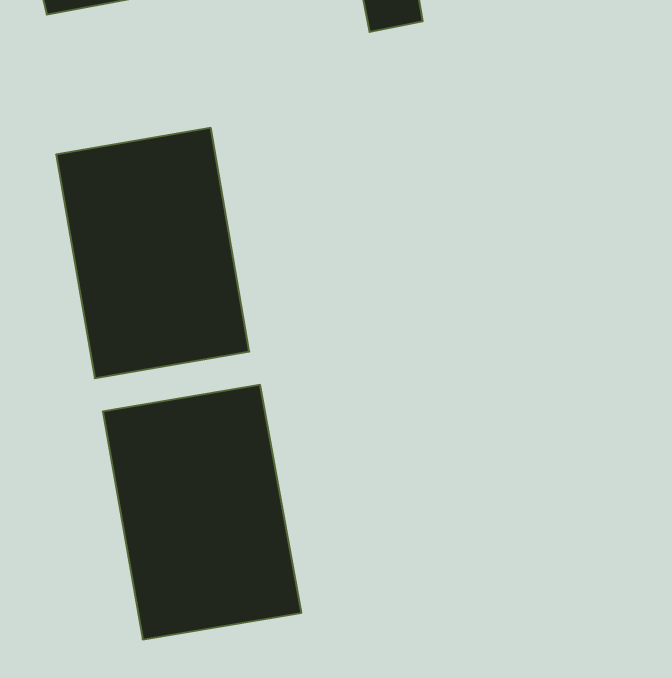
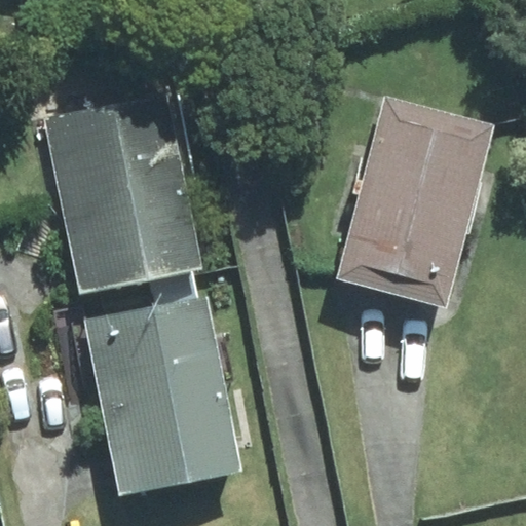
building: none -> [334,93,496,308]

